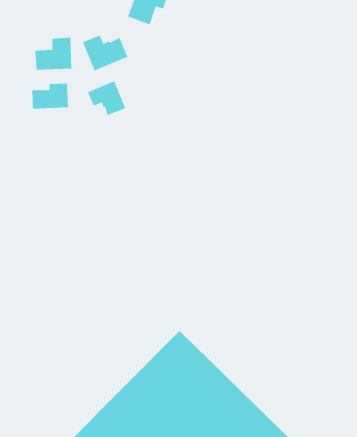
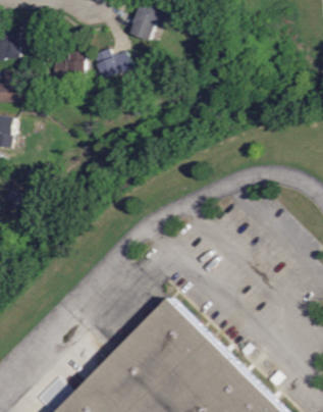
building: [87,81,126,116] -> none
building: [32,83,68,109] -> none

